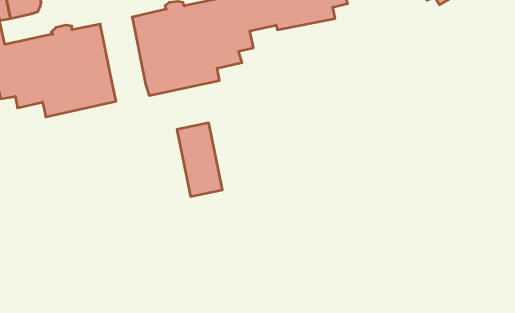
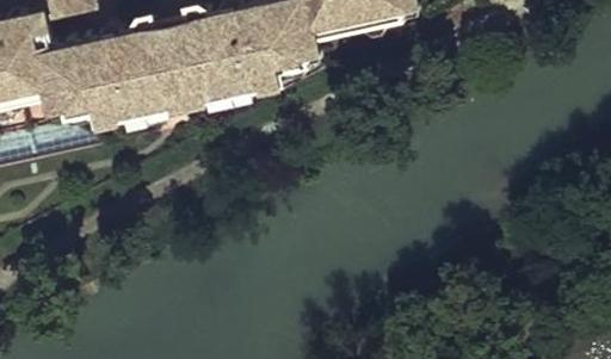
building: [177,123,222,196] -> [154,23,202,100]

